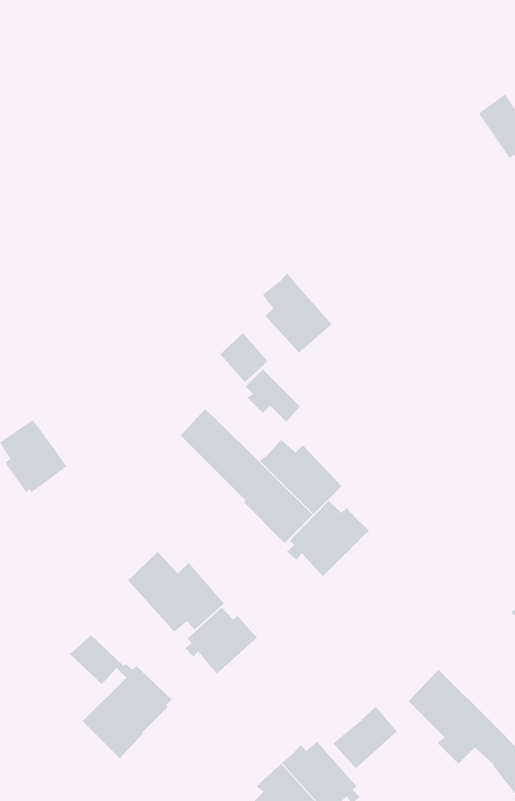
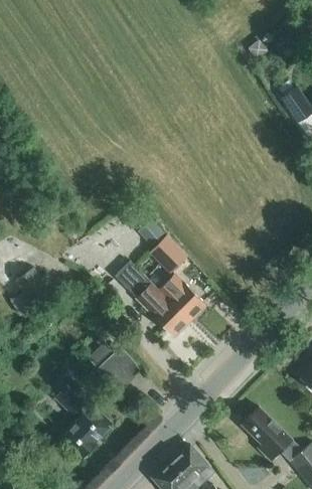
building: [262,273,332,354] -> none
building: [286,500,370,577] -> none
building: [184,607,258,674] -> none
building: [332,706,397,769] -> none

